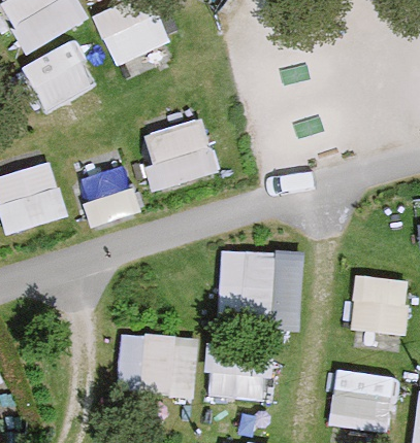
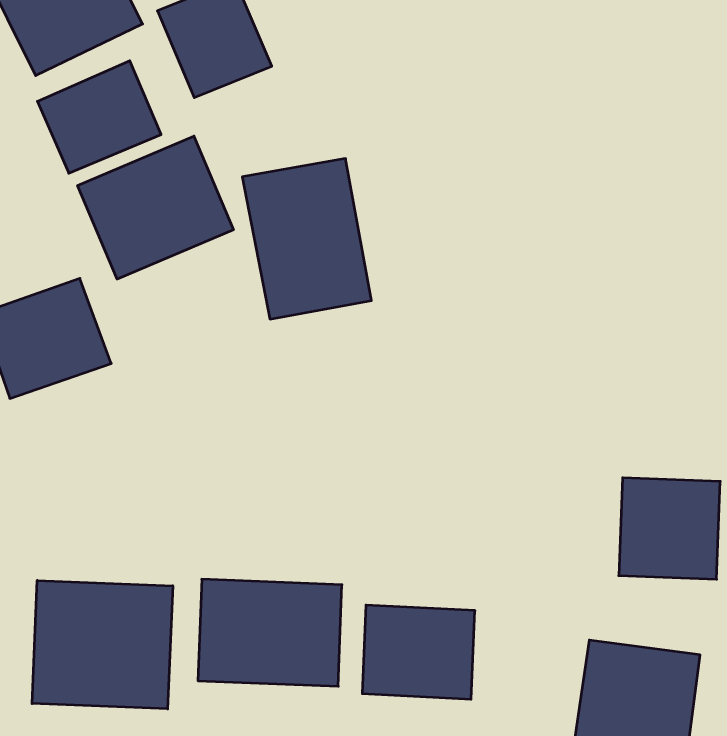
building: none -> [78,136,233,279]
building: [218,250,305,333] -> none
building: none -> [32,580,173,709]

